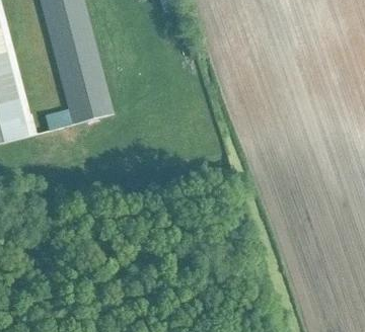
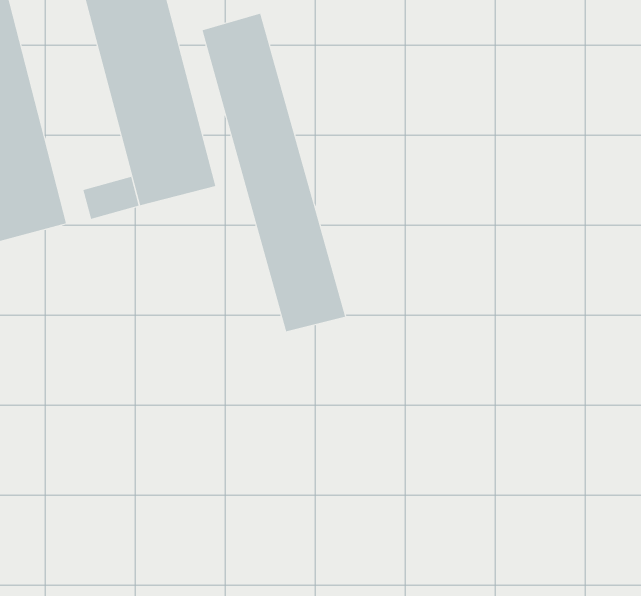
building: none -> [202,13,346,332]

